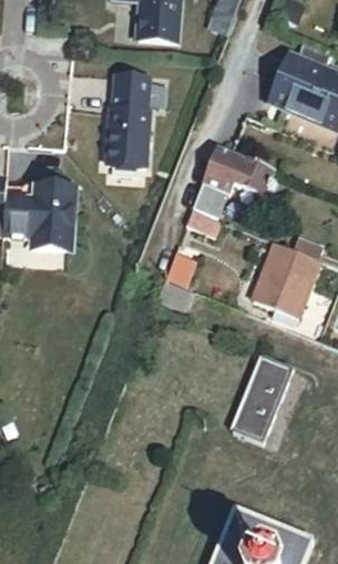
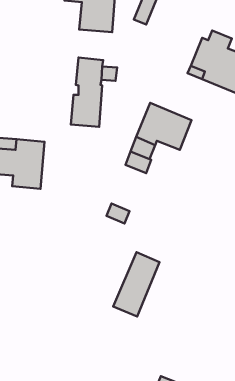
building: [250,237,318,314] -> none
building: [228,352,290,439] -> [113,252,159,317]

